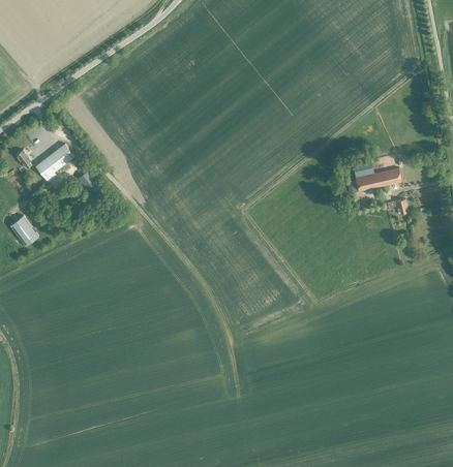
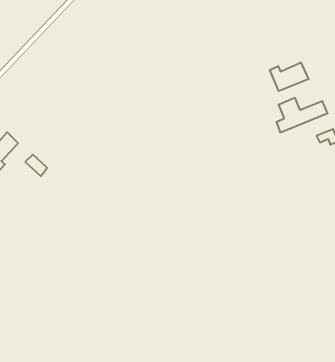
building: none -> [270,62,309,91]

